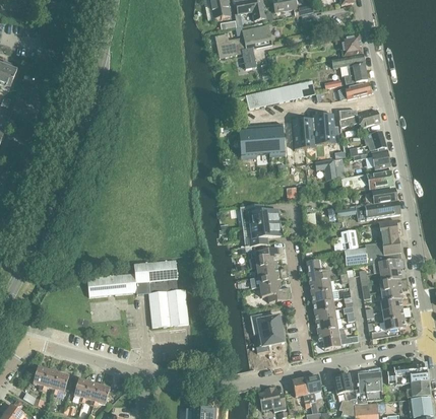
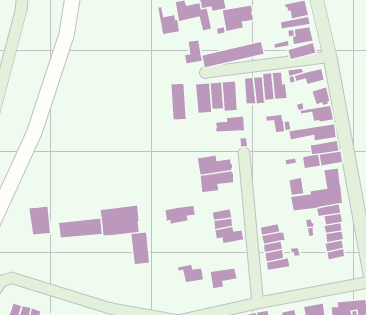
building: none -> [222,5,254,32]
building: none -> [158,7,180,35]
building: none -> [184,40,203,64]
building: none -> [170,83,187,120]
building: none -> [215,116,245,132]
building: [250,246,285,267] -> [164,205,196,225]
building: [305,259,329,283] -> none
building: none -> [29,206,51,235]
building: [148,290,171,327] -> none
building: [252,310,282,331] -> [177,264,204,283]
building: [372,316,404,339] -> none
building: [317,327,359,347] -> none

